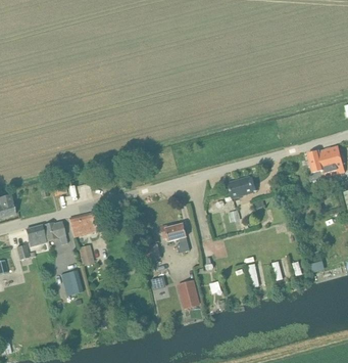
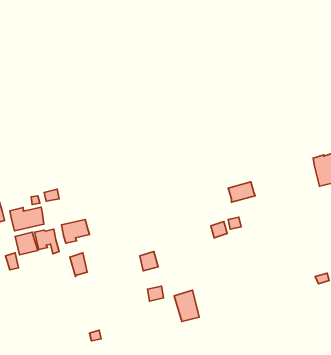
building: none -> [10,207,44,231]
building: [161,224,190,255] -> none
building: [60,270,83,296] -> none

